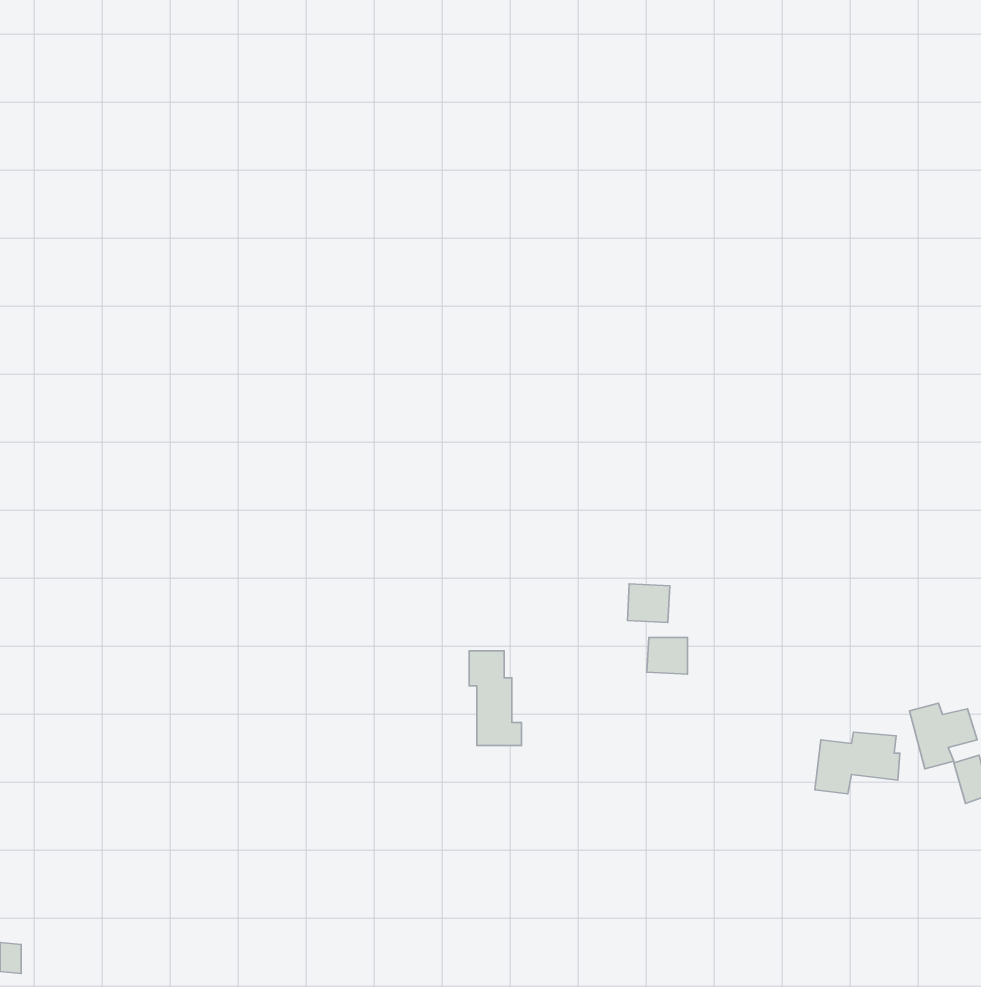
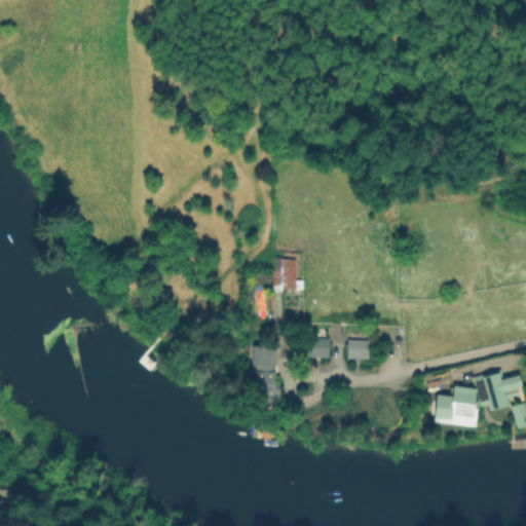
building: none -> [272,258,303,289]
building: [627,584,670,622] -> [307,337,330,358]

